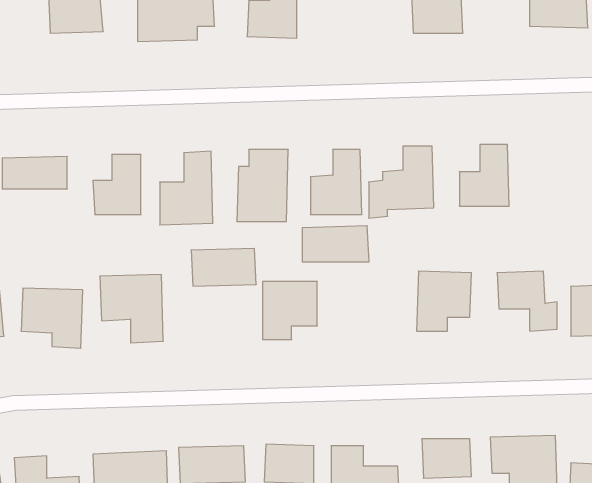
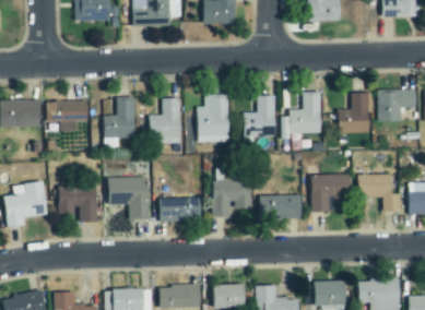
building: none -> [378,90,417,121]
building: [302,226,369,262] -> [260,194,303,217]
building: [191,248,256,286] -> [160,196,201,220]

